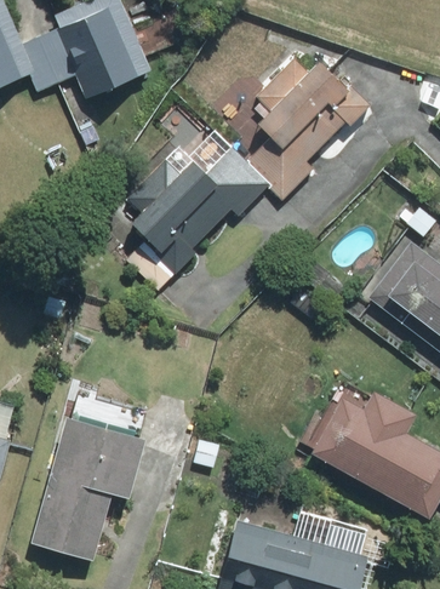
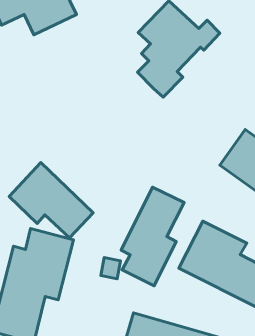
building: [114,127,270,288] -> none
building: none -> [9,163,93,238]
building: none -> [121,187,184,286]

